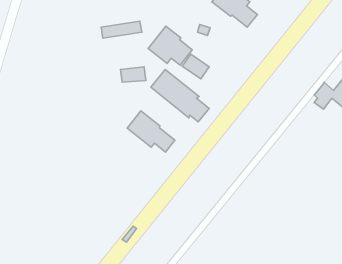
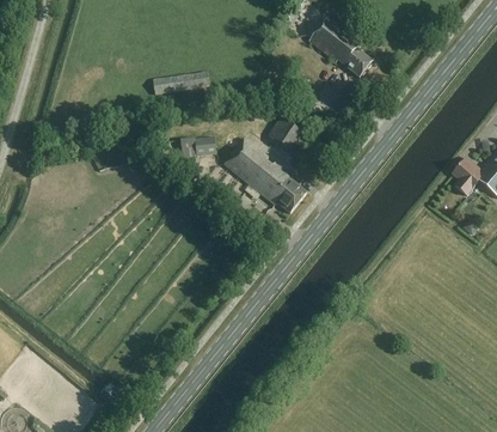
building: [148,26,192,65] -> none
building: [127,111,175,152] -> none

